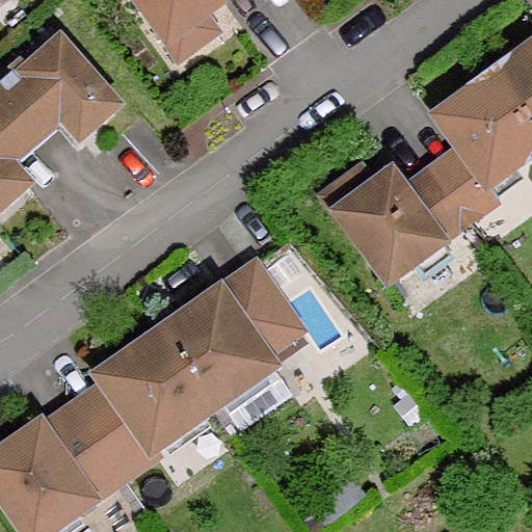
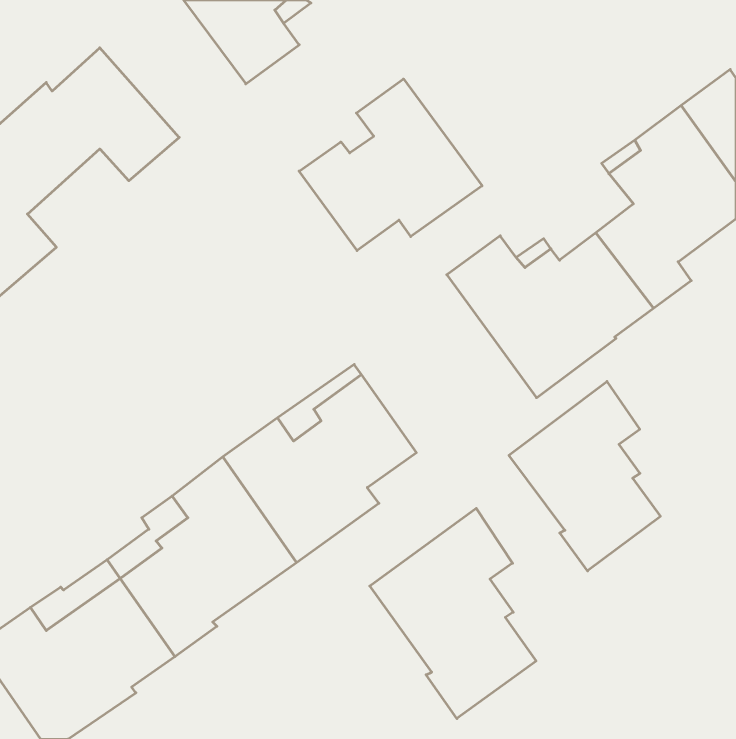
building: none -> [299,79,482,251]
building: none -> [509,381,660,571]
building: none -> [370,508,536,719]

